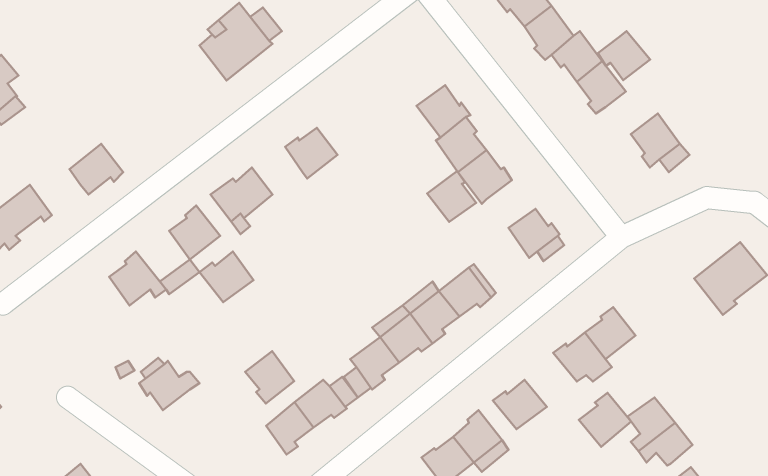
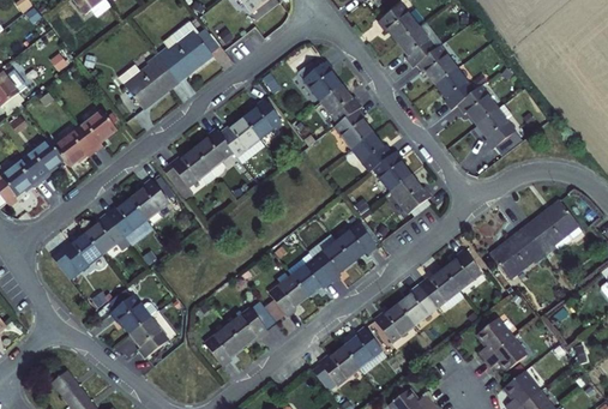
building: [598,31,650,80] -> [460,84,500,121]
building: none -> [115,54,174,108]
building: none -> [302,61,339,100]
building: none -> [242,96,282,137]
building: none -> [79,110,116,150]
building: none -> [193,127,231,175]
building: none -> [25,140,64,182]
building: [427,171,476,222] -> [371,154,408,192]
building: [199,252,253,302] -> [106,194,146,233]
building: none -> [49,229,101,277]
building: none -> [494,230,549,281]
building: [245,351,294,403] -> [126,314,163,354]
building: [579,393,631,447] -> [399,287,439,327]

